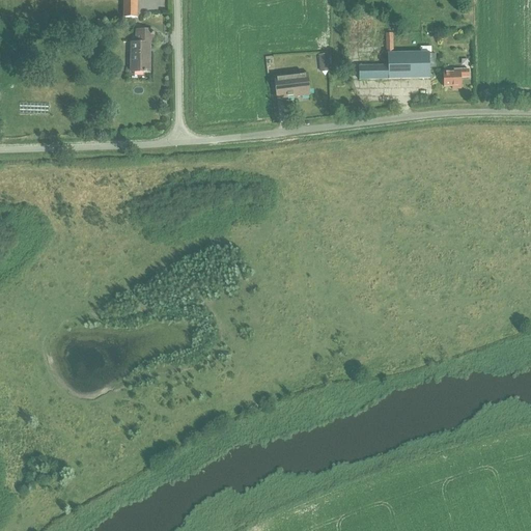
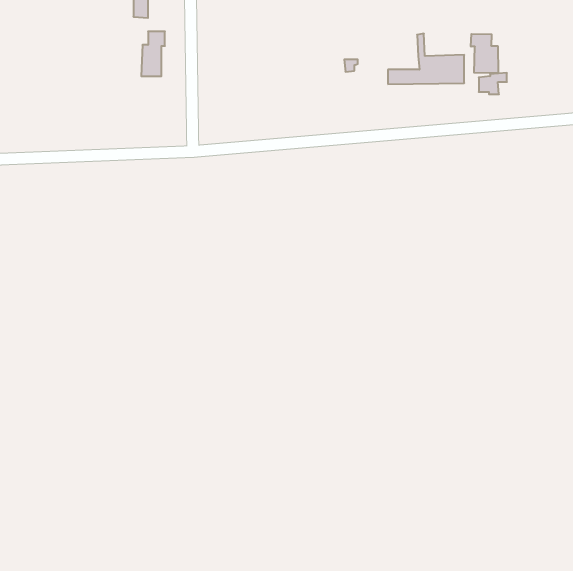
building: none -> [471,34,498,73]
building: [274,72,310,97] -> none

